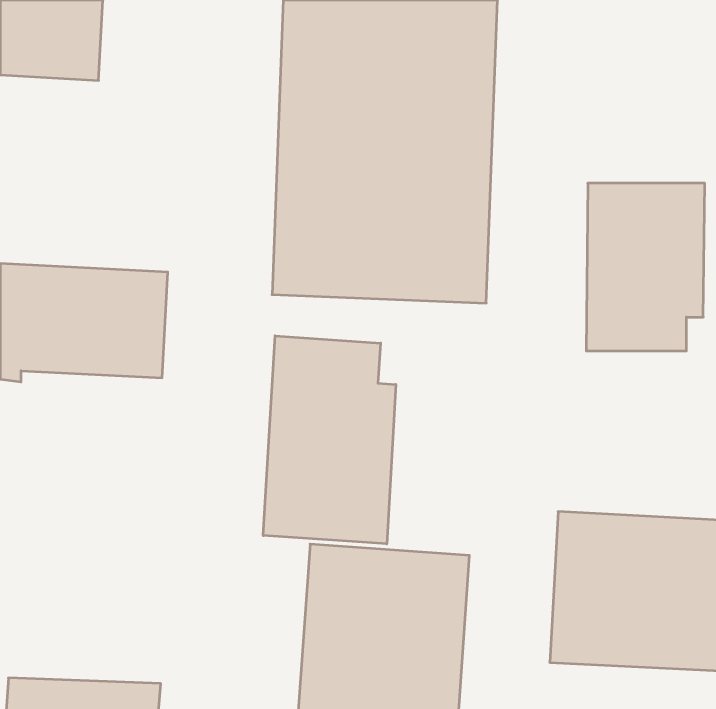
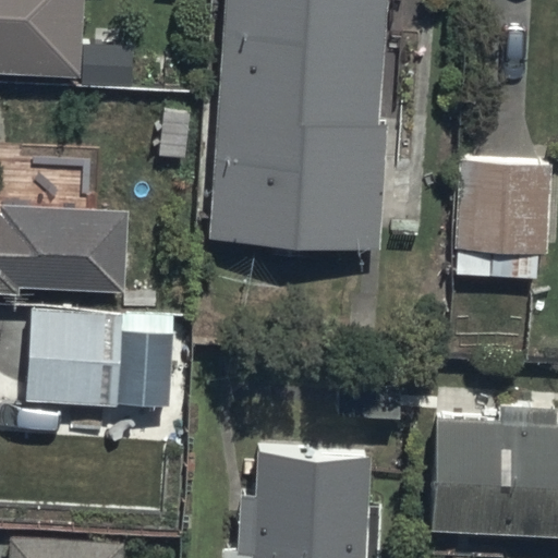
building: [263,336,396,544] -> none
building: none -> [29,318,175,418]

